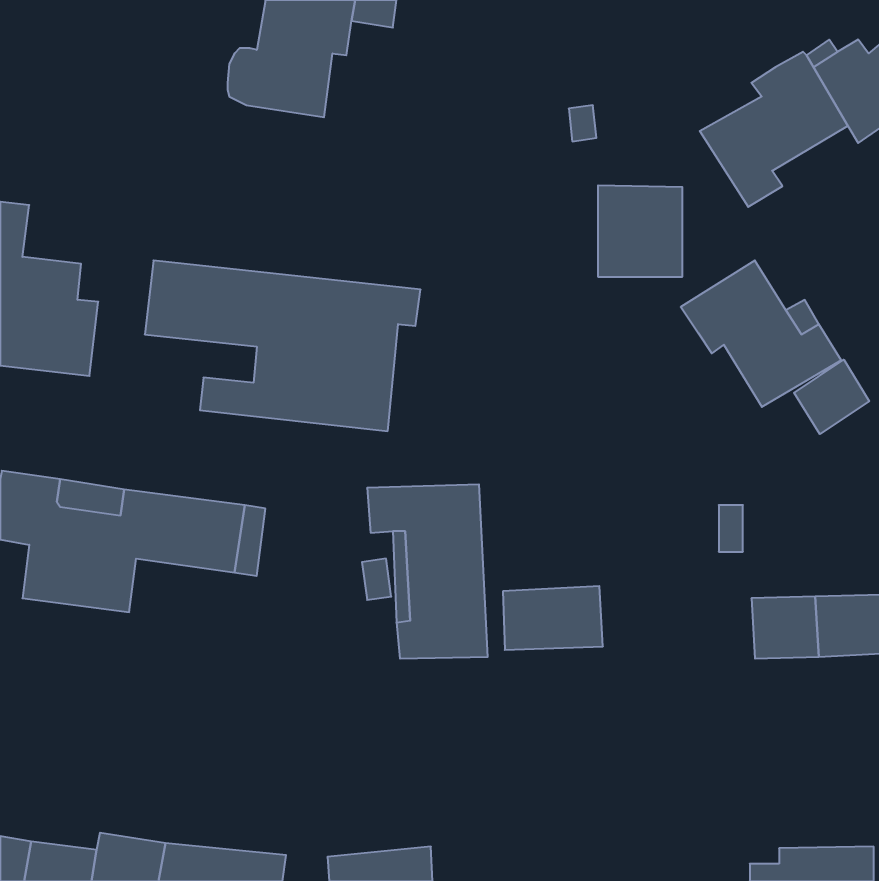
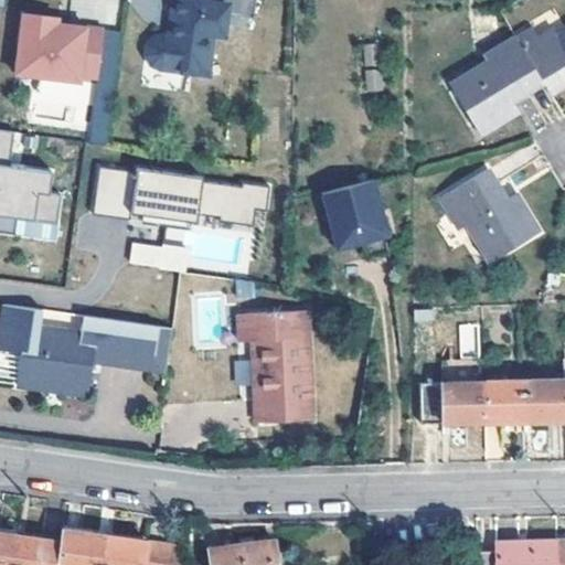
building: none -> [14,10,104,79]
building: [598,185,682,277] -> [319,193,373,252]
building: [794,360,869,434] -> none
building: [503,586,603,650] -> [420,383,484,424]

